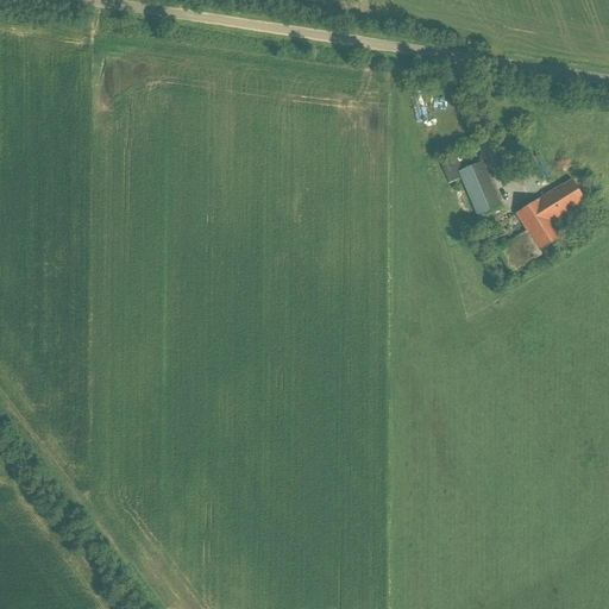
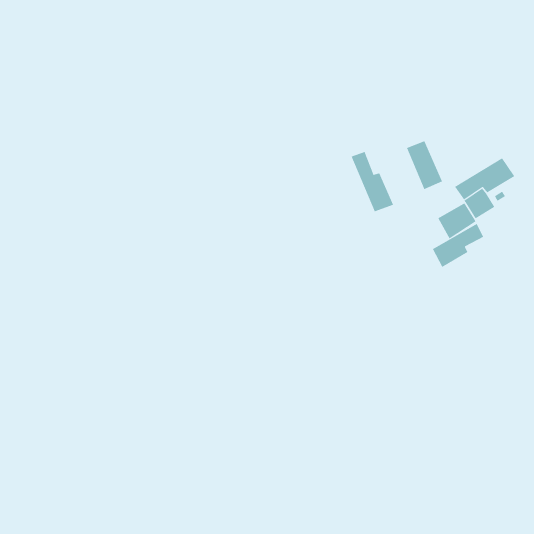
building: none -> [351,151,394,212]
building: none -> [432,223,484,268]

